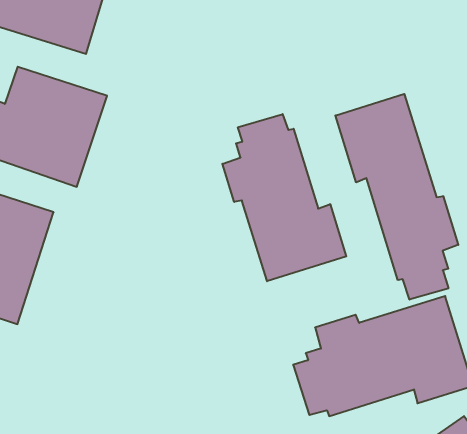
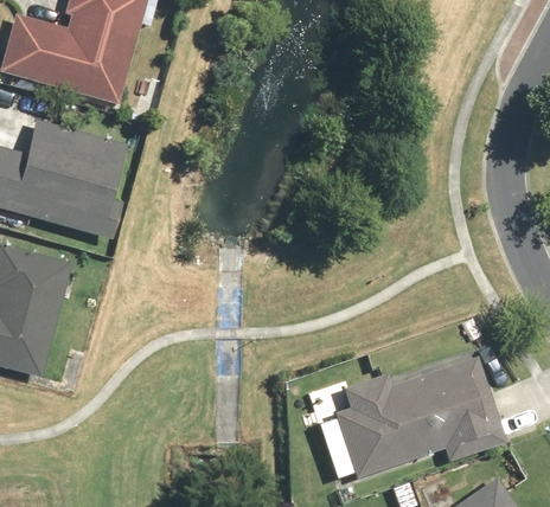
building: [335,94,458,300] -> none
building: [222,114,346,281] -> none

